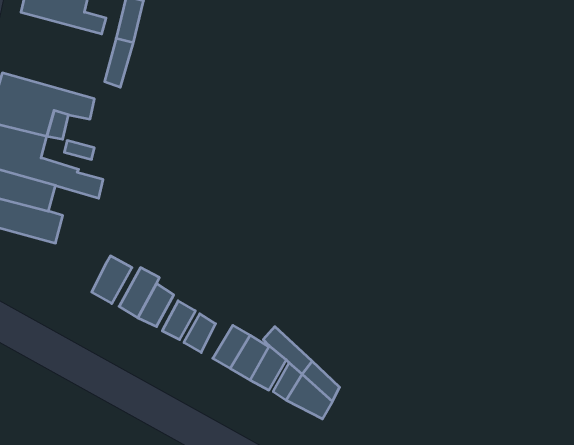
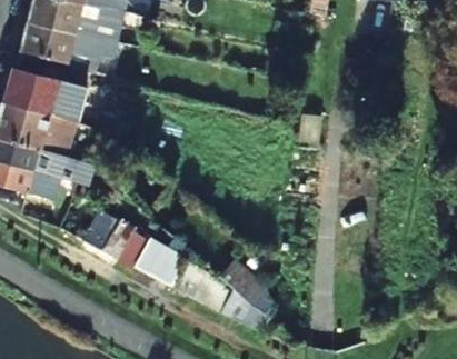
building: none -> [21,22,91,68]

